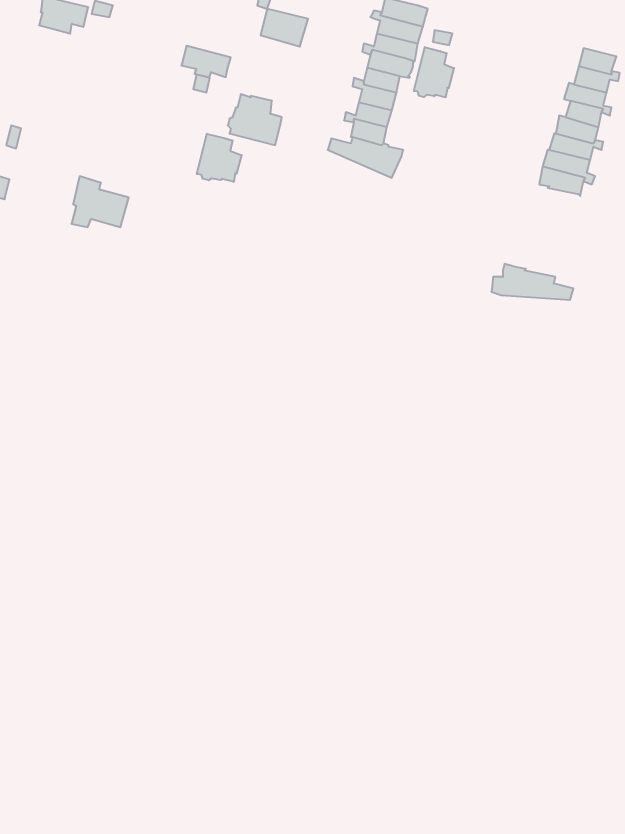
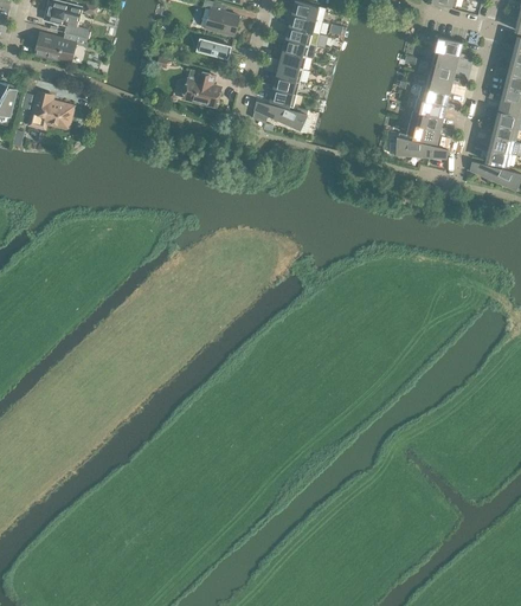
building: none -> [36,31,88,60]
building: [181,46,231,77] -> [195,36,231,58]
building: [414,47,454,97] -> none
building: [197,134,242,182] -> none
building: [71,176,129,227] -> [31,90,72,127]
building: [491,264,573,300] -> [388,131,448,157]

